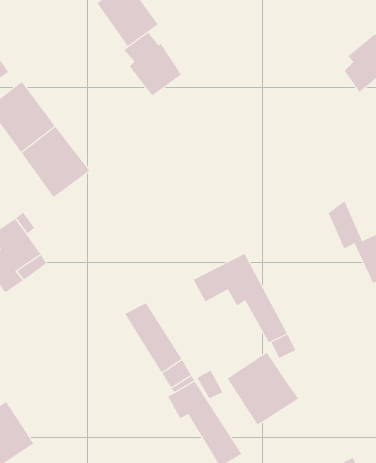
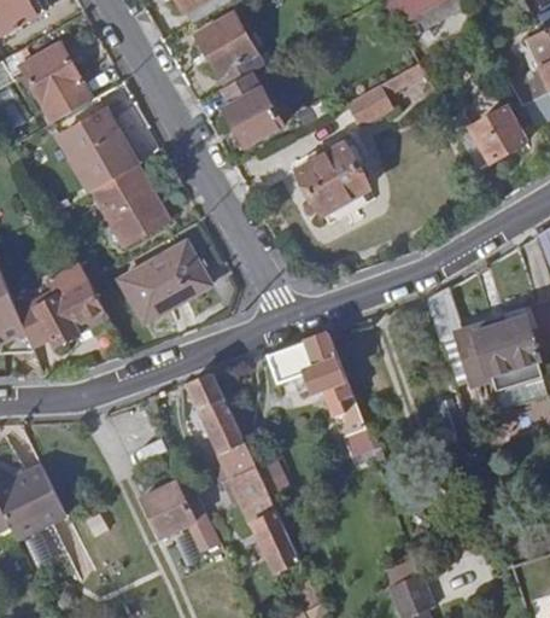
building: none -> [347,62,422,123]
building: none -> [299,145,369,212]
building: none -> [119,241,211,322]
building: [227,352,299,426] -> none
building: none -> [139,474,218,549]

